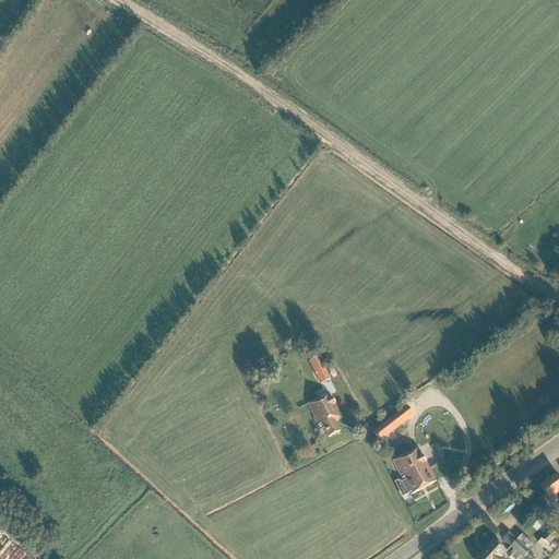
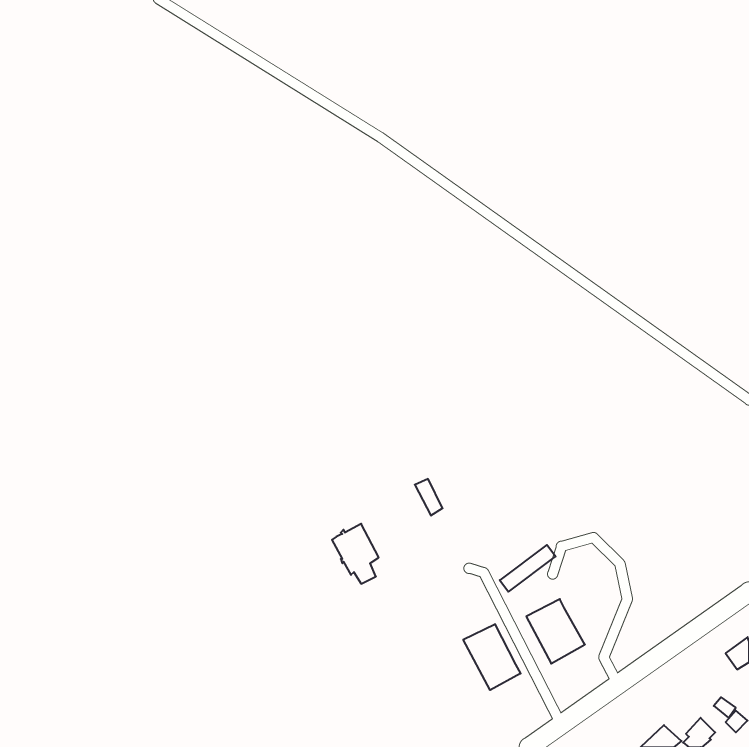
building: [307,392,342,437] -> [332,524,379,584]
building: none -> [463,624,521,690]

